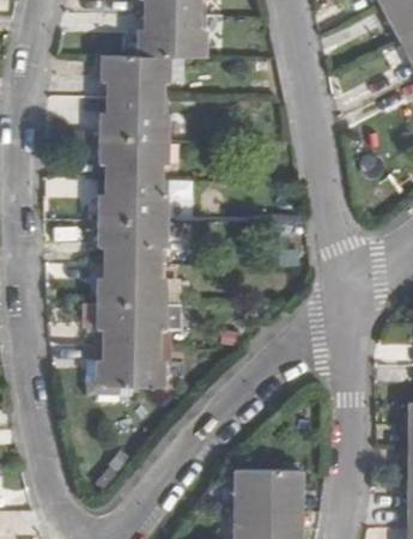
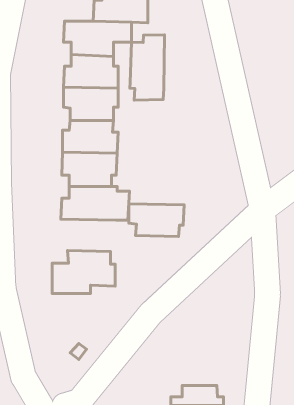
building: none -> [130,35,165,100]
building: [96,303,165,344] -> [129,204,184,237]
building: [235,468,299,511] -> none

